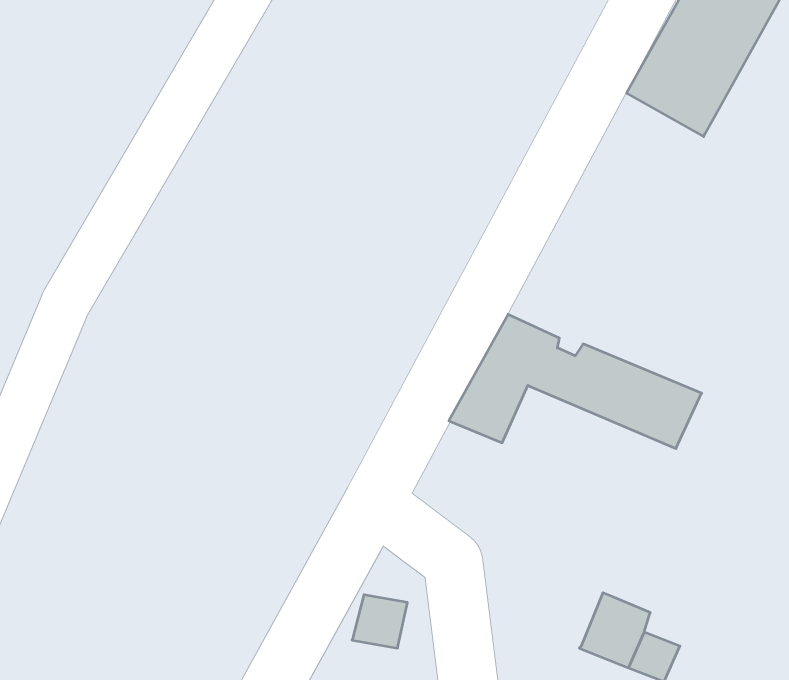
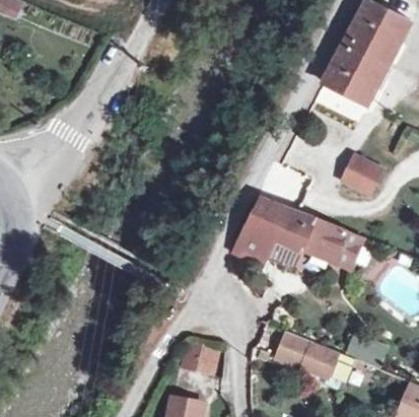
building: none -> [343,158,381,195]
building: none -> [276,332,311,369]

